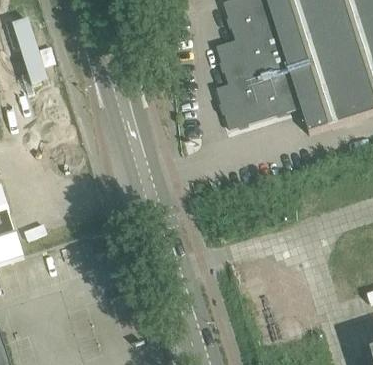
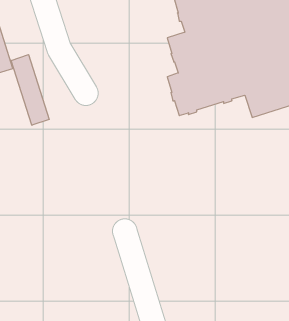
building: none -> [11,55,49,125]

